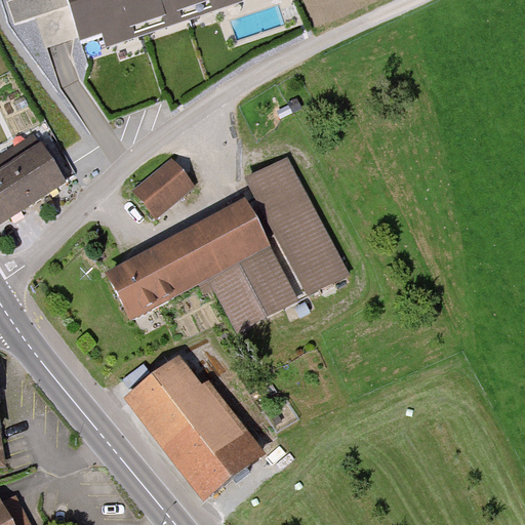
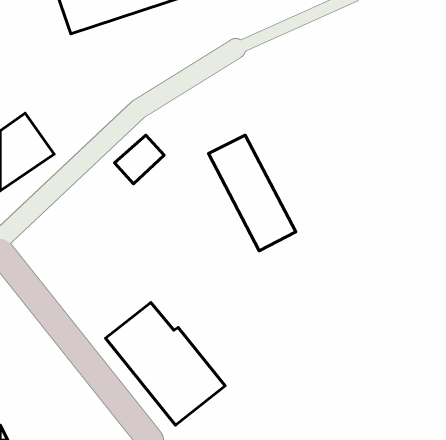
building: [106,200,293,331] -> none

